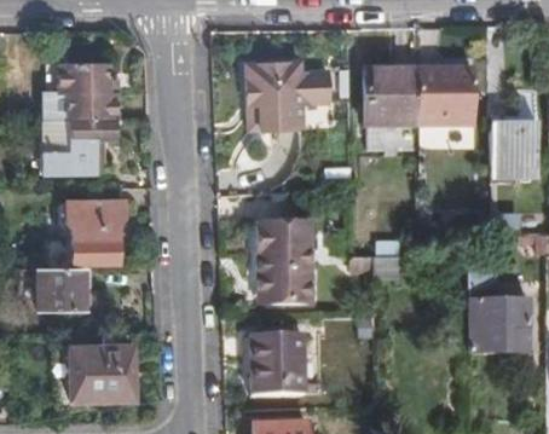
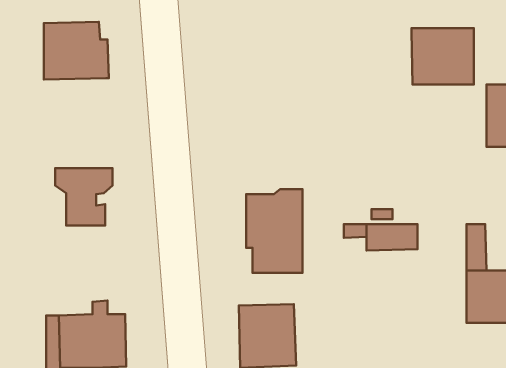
building: [245,60,328,131] -> none
building: [366,71,417,126] -> none
building: [50,116,121,172] -> none
building: [44,268,88,313] -> none

